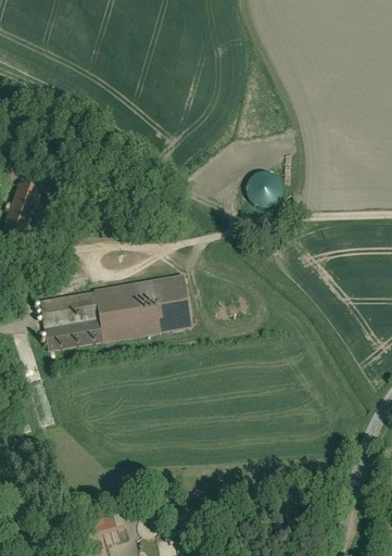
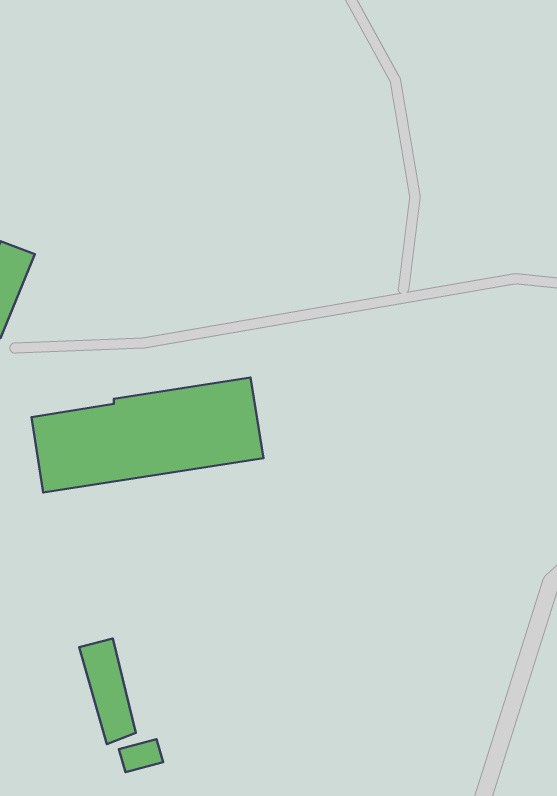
building: [246,172,283,208] -> none
building: none -> [79,639,136,744]

